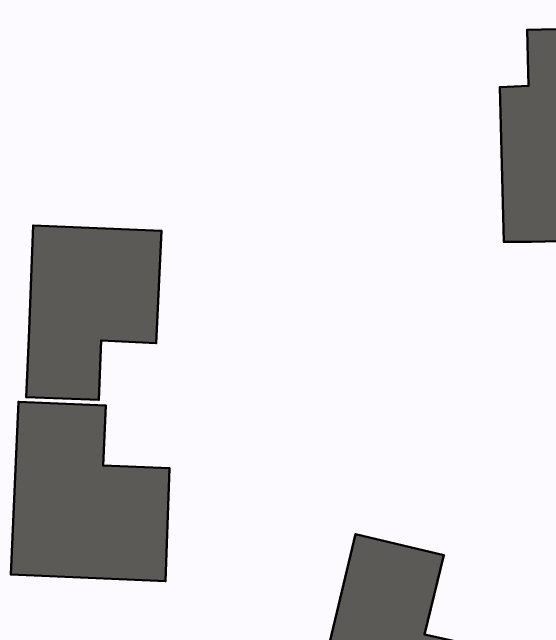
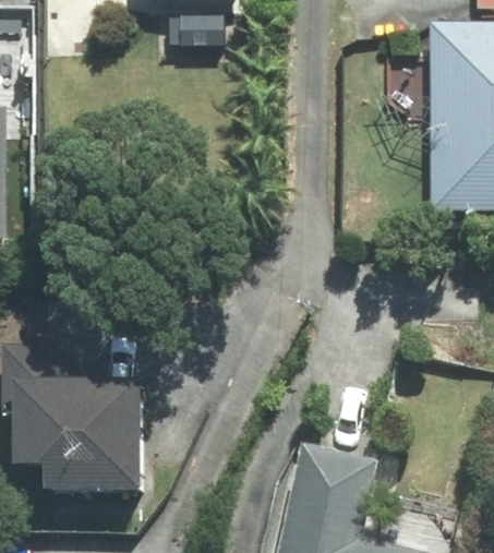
building: [26,225,162,400] -> none

